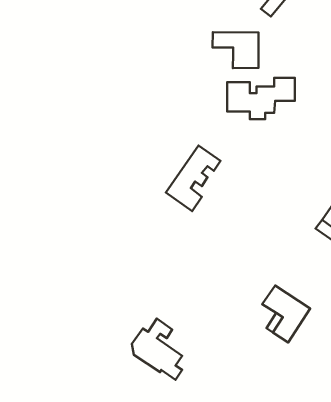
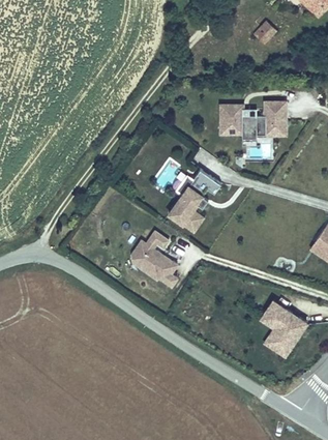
building: [213,32,258,68] -> none
building: [132,319,182,380] -> [132,231,180,289]

